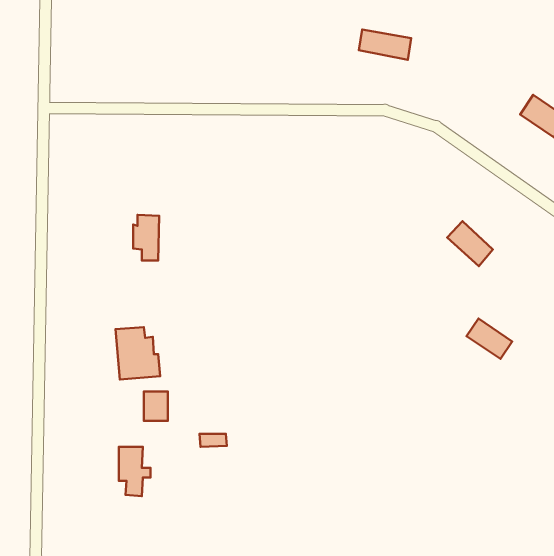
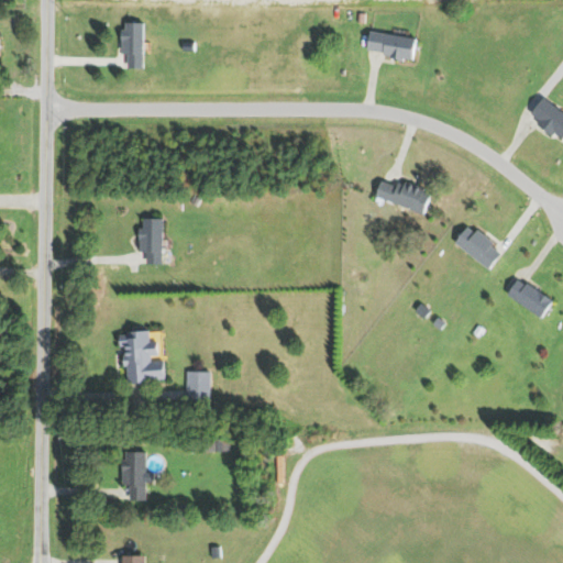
building: none -> [121,22,145,68]
building: none -> [374,177,429,213]
building: [467,319,512,359] -> [506,277,552,318]
building: [144,391,168,421] -> [188,372,212,401]

